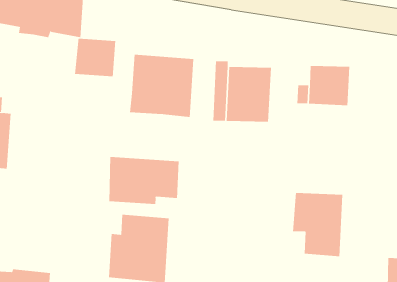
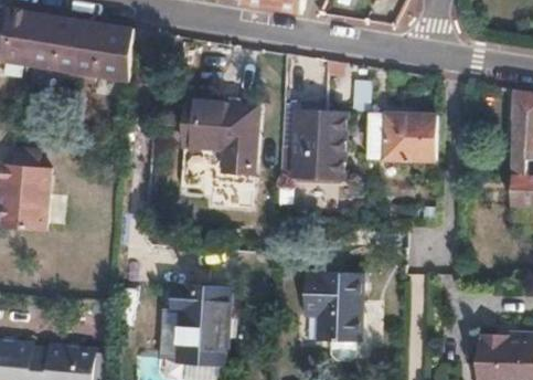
building: [74,38,116,77] -> none
building: [109,156,179,205] -> none
building: [292,193,343,257] -> [305,267,363,341]

